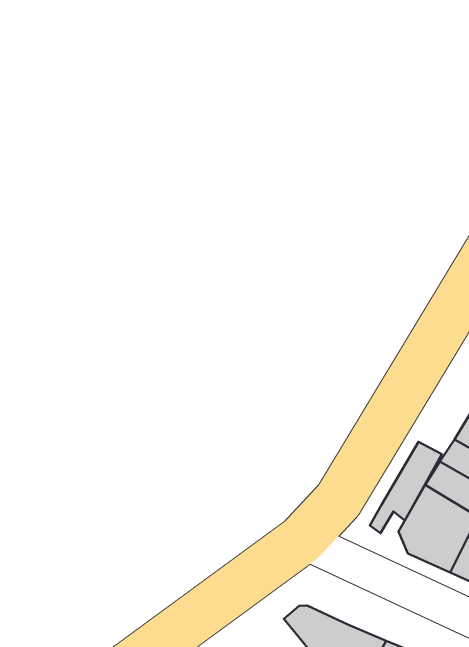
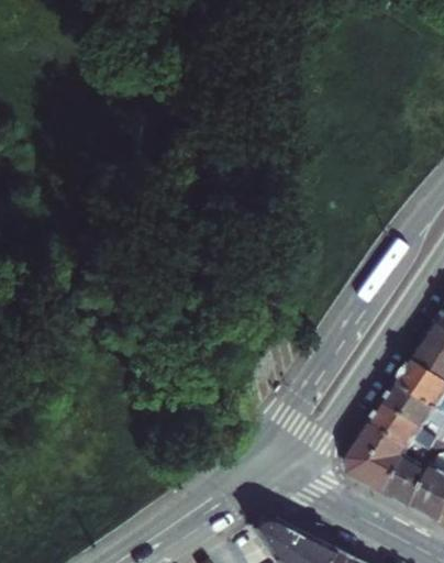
building: [370,442,442,533] -> none

